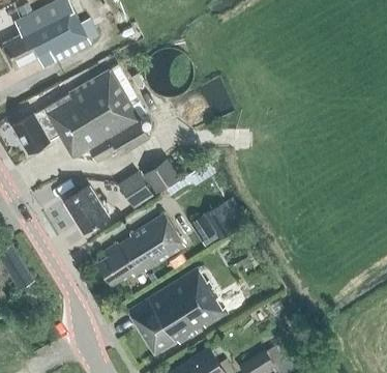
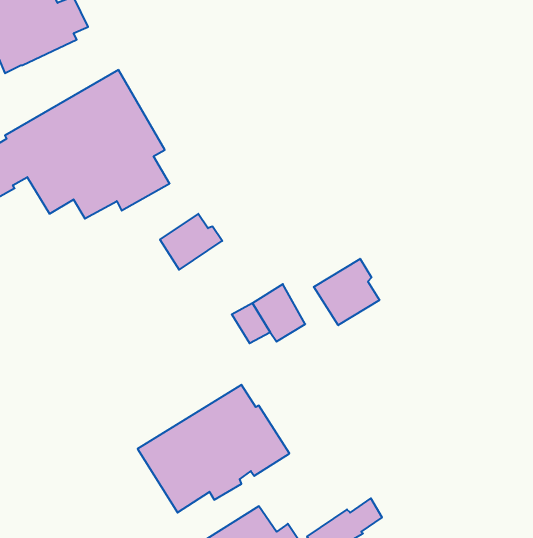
building: [117,172,153,210] -> none
building: [64,187,109,232] -> none
building: none -> [314,259,379,325]
building: [97,213,184,284] -> none

